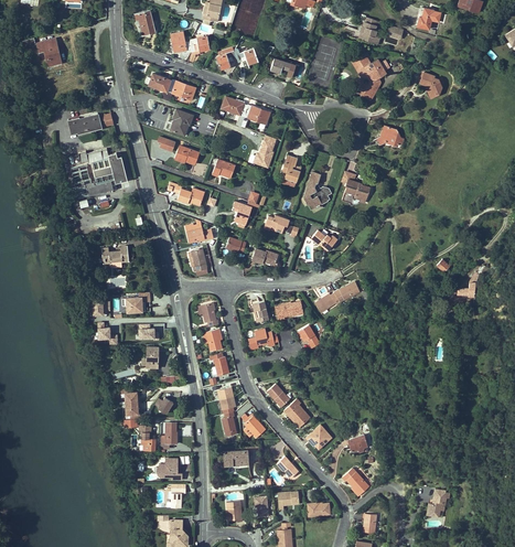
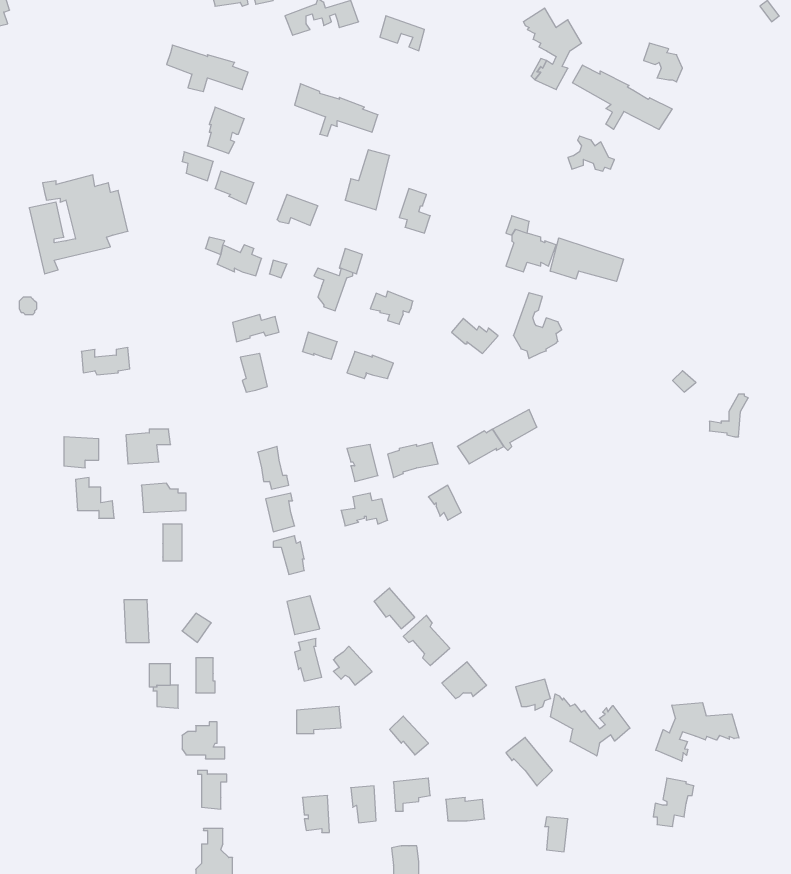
building: none -> [573,65,672,129]
building: [68,111,114,133] -> none
building: [303,172,331,210] -> [513,293,562,359]
building: none -> [550,238,623,281]
building: none -> [551,694,630,756]
building: none -> [656,703,739,761]

